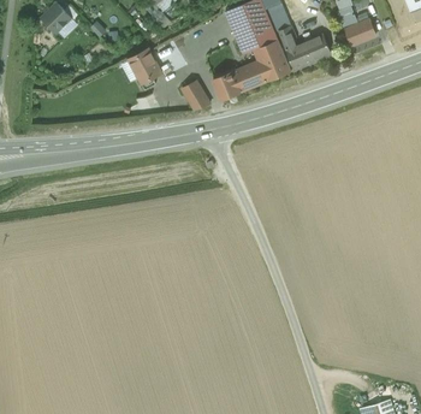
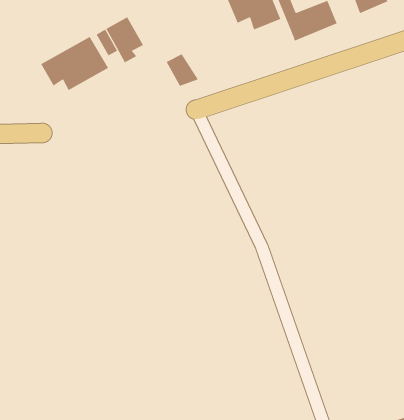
building: [213,51,291,100] -> none
building: none -> [41,36,109,91]

